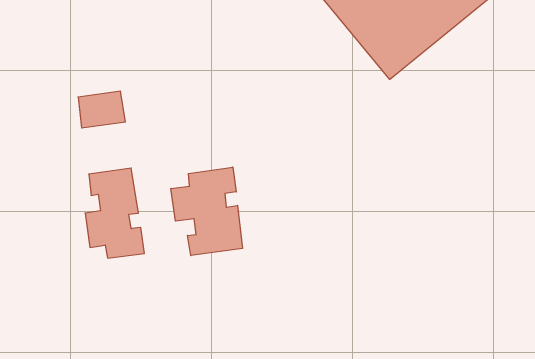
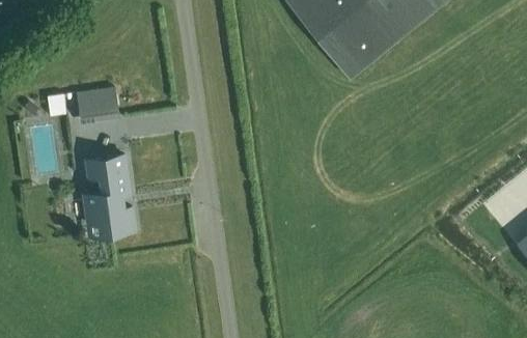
building: [171,167,243,256] -> none

